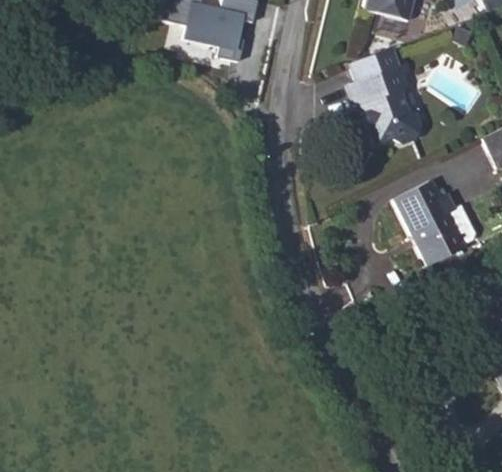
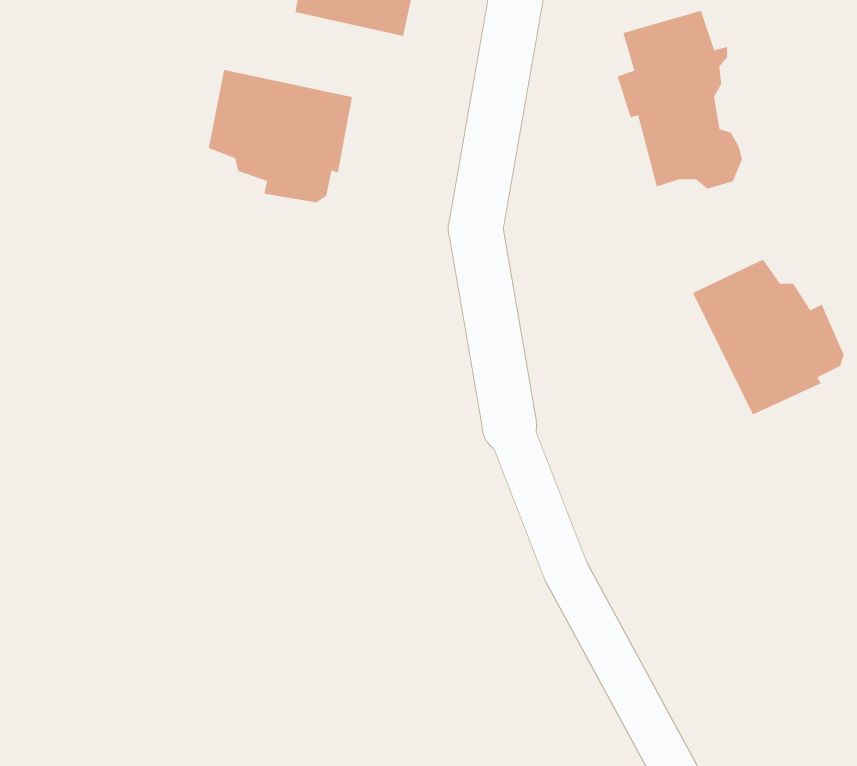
building: none -> [208,69,352,203]

